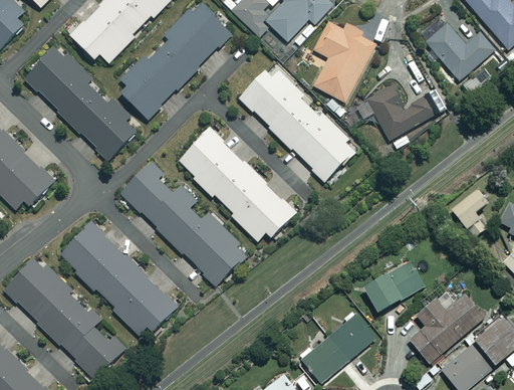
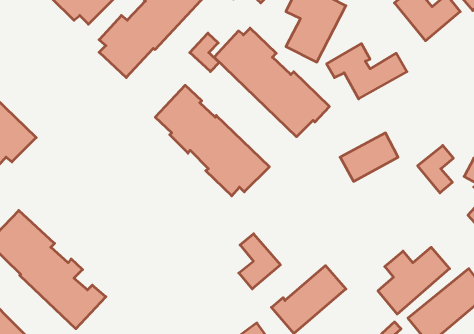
building: [23,46,136,160] -> none
building: none -> [190,33,219,72]
building: [120,162,249,285] -> none
building: [59,221,177,335] -> none
building: [362,261,423,312] -> [340,133,398,181]
building: none -> [239,234,280,289]

